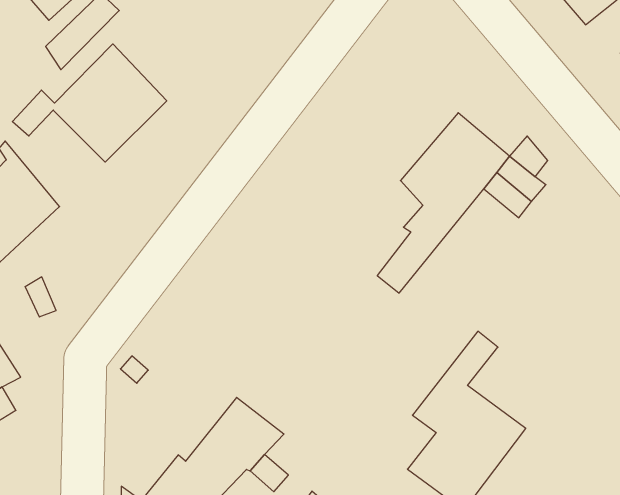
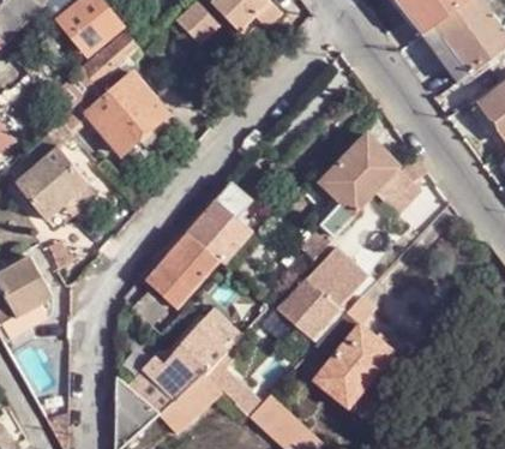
building: none -> [142,184,251,305]
building: none -> [278,238,374,345]

